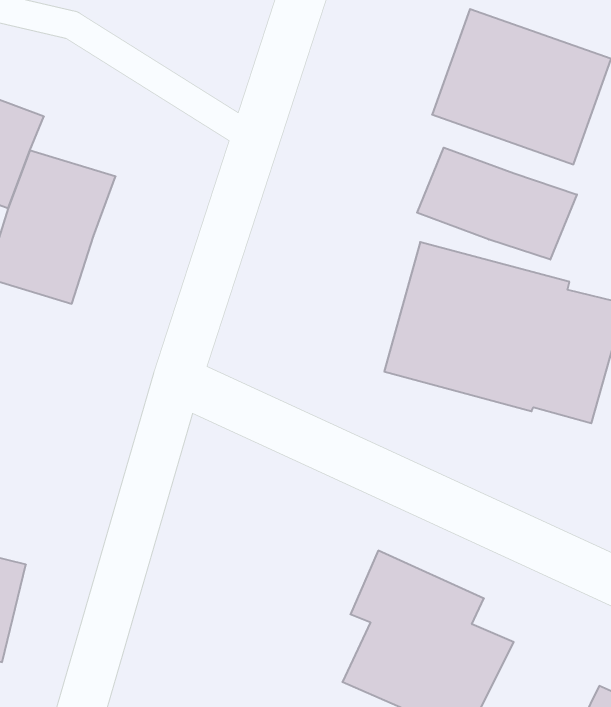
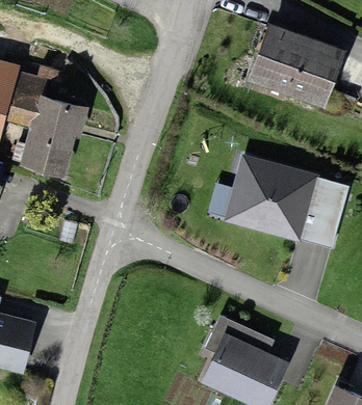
building: [417,148,577,260] -> none

